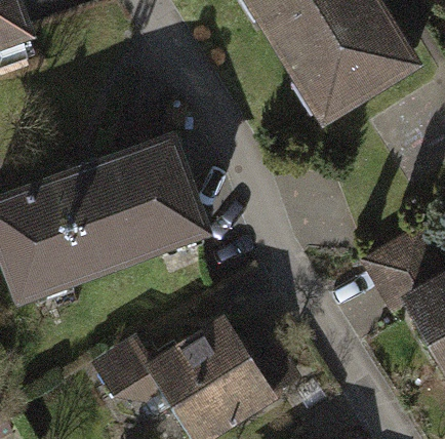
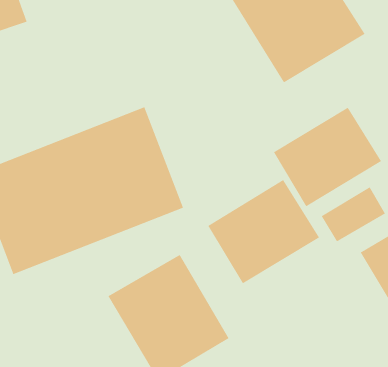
building: none -> [273,107,382,207]
building: none -> [207,179,320,284]

